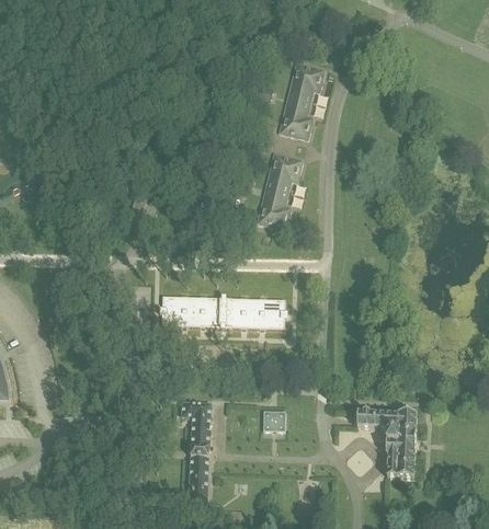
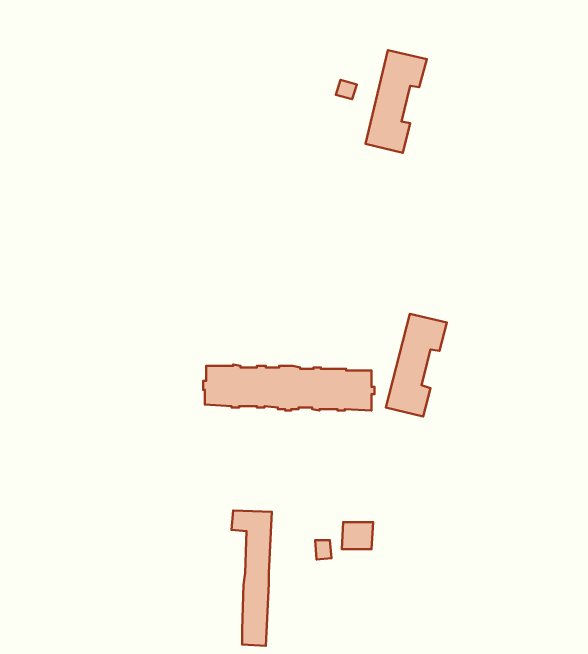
building: [258,153,303,229] -> [386,314,447,416]
building: [357,412,416,479] -> none

